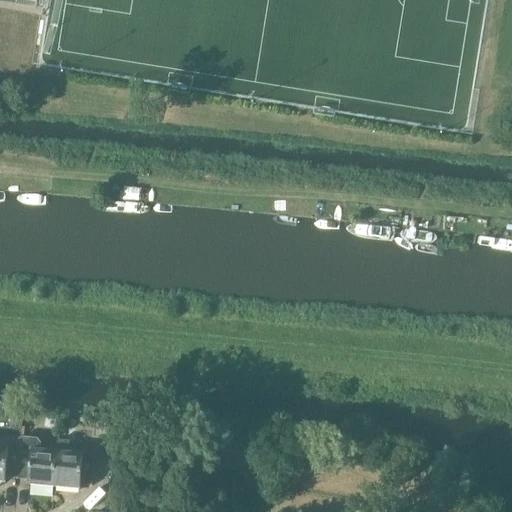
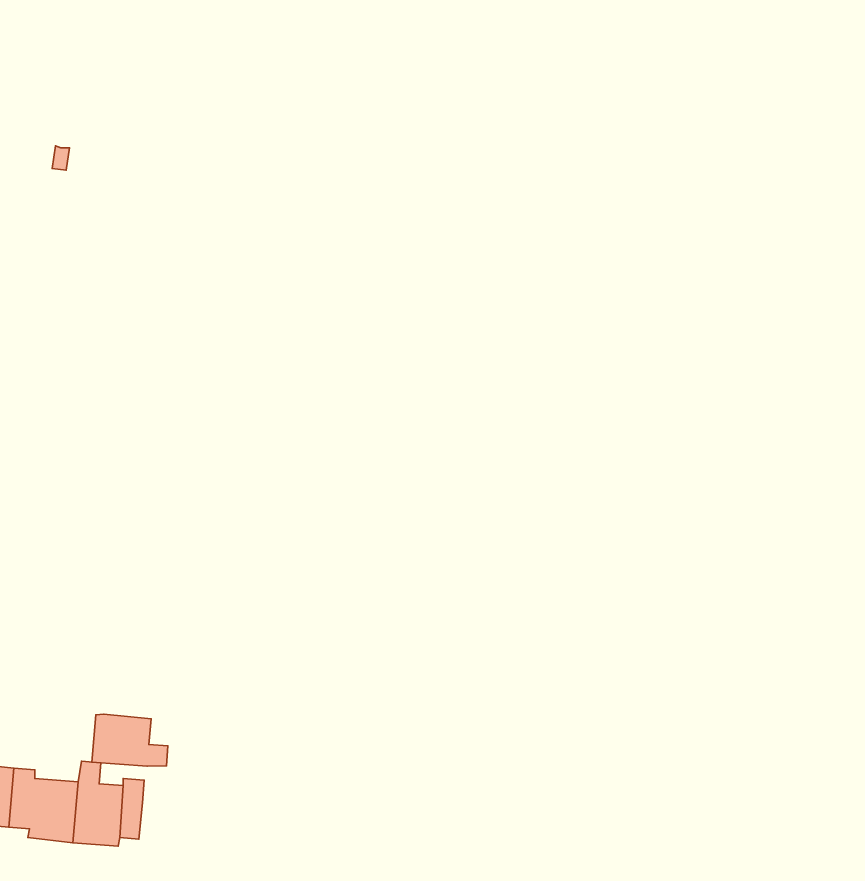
building: none -> [92,714,168,766]

